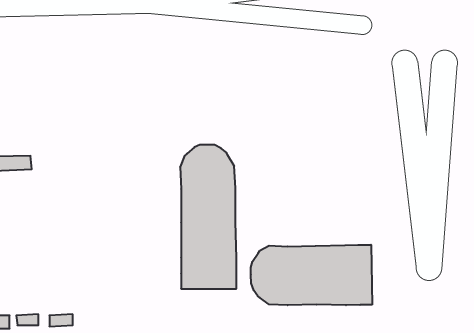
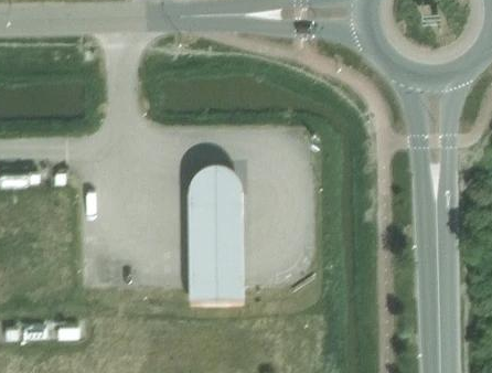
building: [251,245,372,305] -> none

